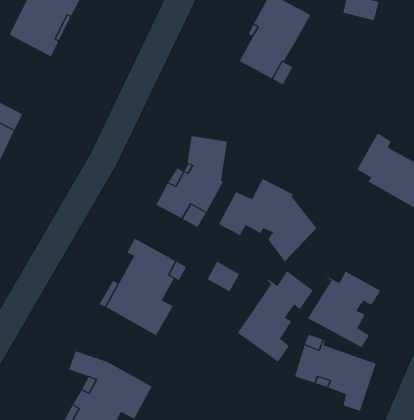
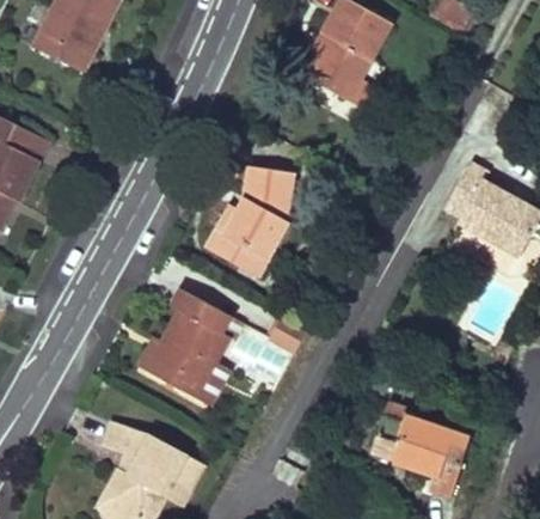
building: [218,178,317,262] -> none
building: [237,270,313,363] -> none
building: [307,271,381,348] -> none

